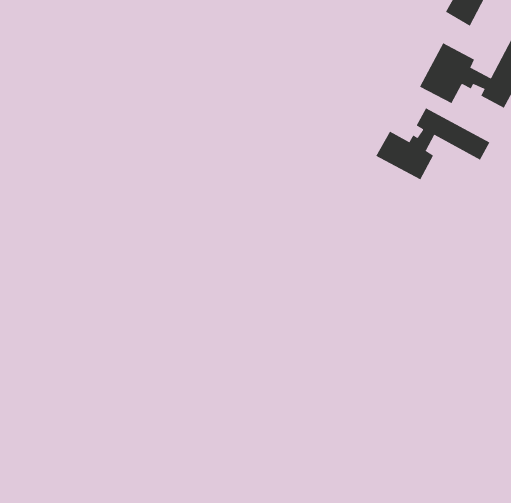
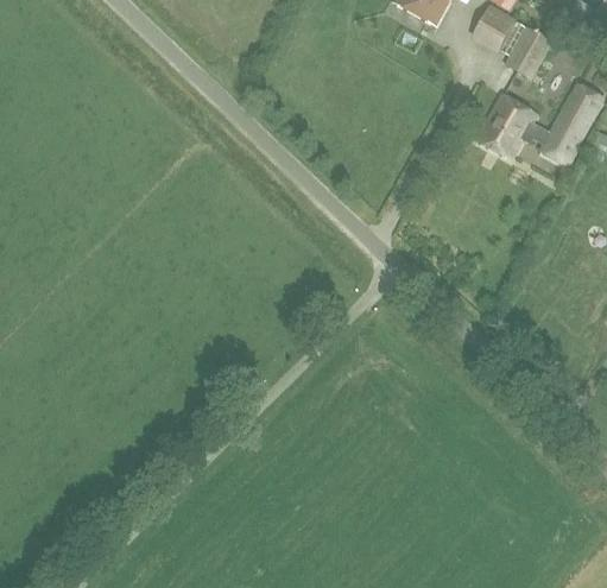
building: [376,108,490,180] -> none

